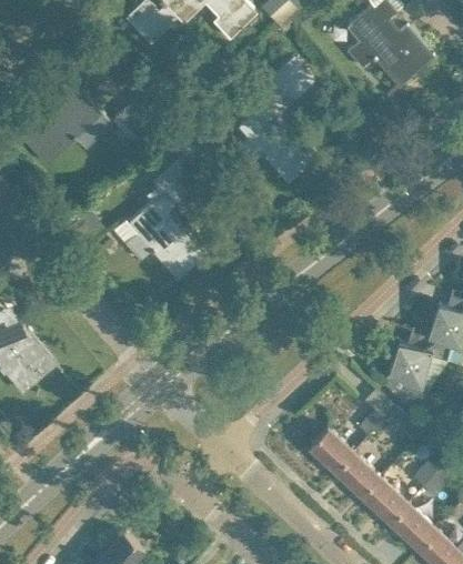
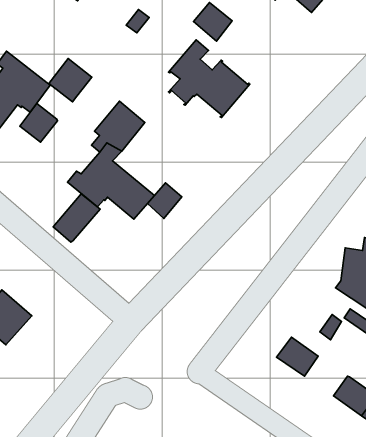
building: none -> [20,104,58,142]
building: none -> [53,194,100,242]
building: none -> [147,183,182,219]
building: [334,452,380,496] -> none

